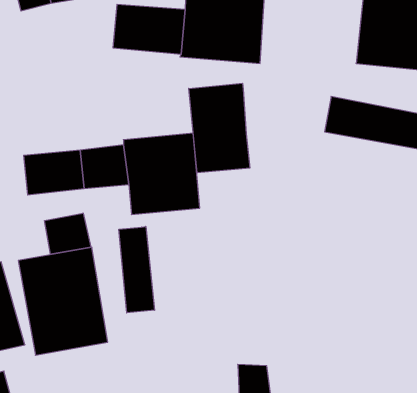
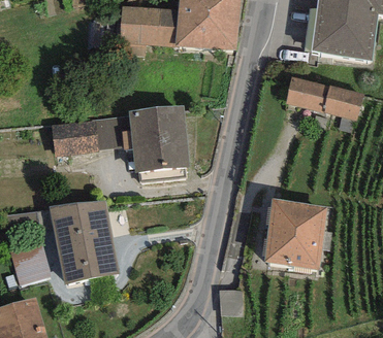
building: [189,83,250,173] -> none
building: [45,213,91,254] -> none
building: [119,226,155,313] -> none
building: none -> [264,201,326,269]

